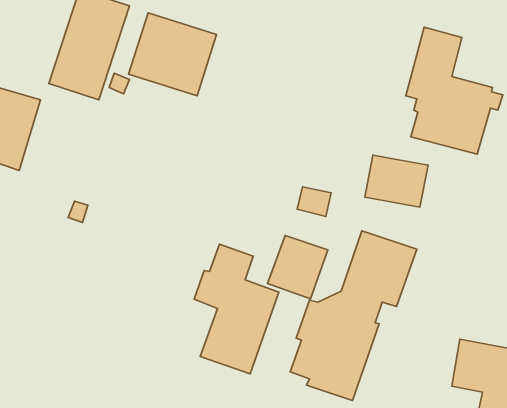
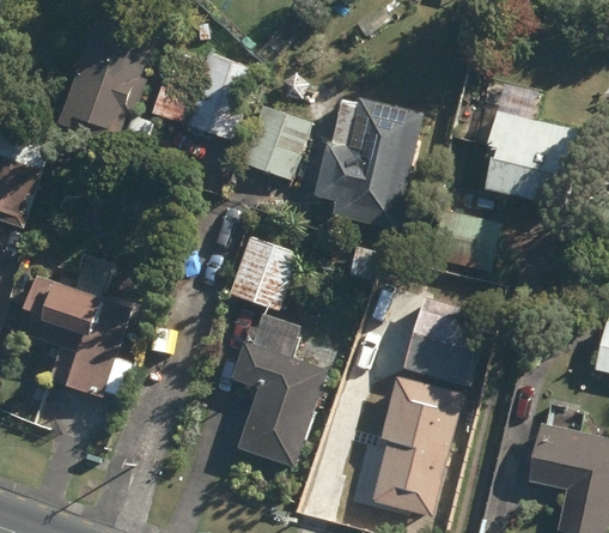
building: none -> [313,98,422,229]
building: none -> [242,104,311,178]
building: none -> [22,278,134,399]
building: [268,235,328,299] -> [229,237,299,311]

